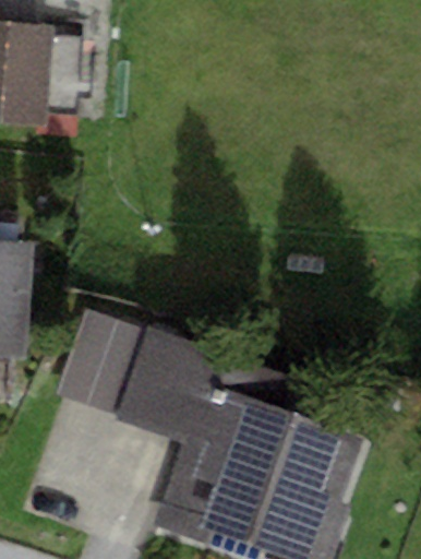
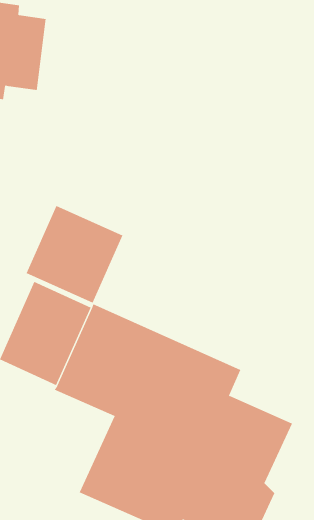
building: none -> [26,205,123,303]

